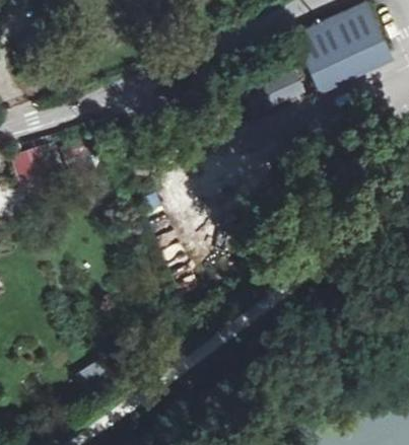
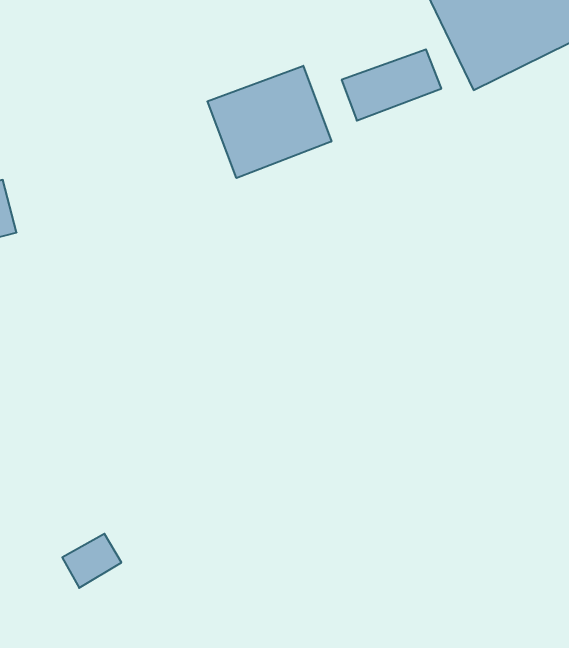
building: none -> [207,66,331,178]

